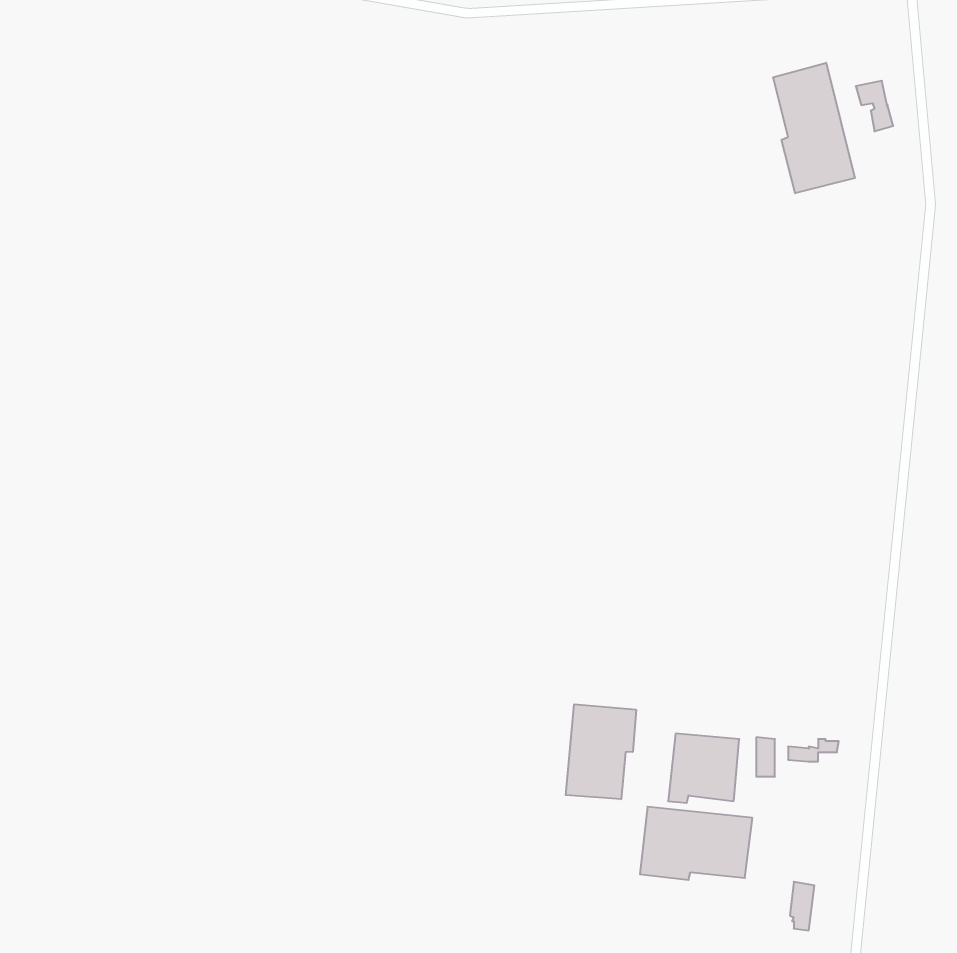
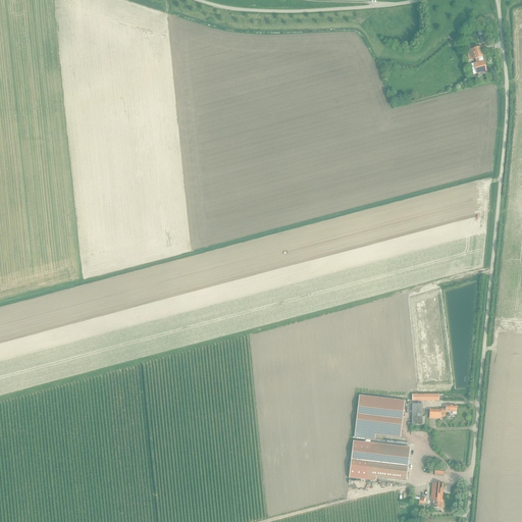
building: [773,63,855,193] -> none
building: [566,704,636,799] -> none

